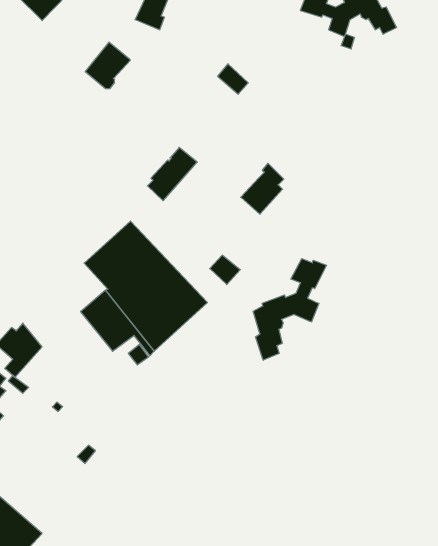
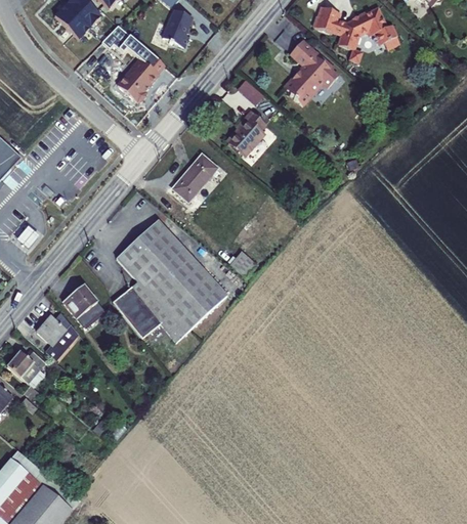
building: none -> [103,25,164,73]
building: none -> [283,39,336,105]
building: [241,163,284,214] -> [226,110,265,156]
building: [253,259,327,360] -> none
building: none -> [61,283,103,325]

